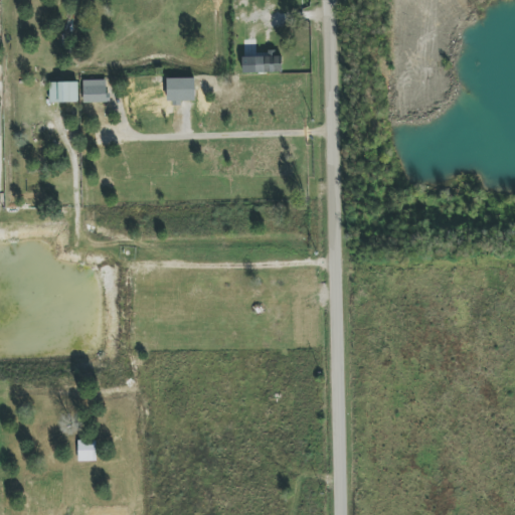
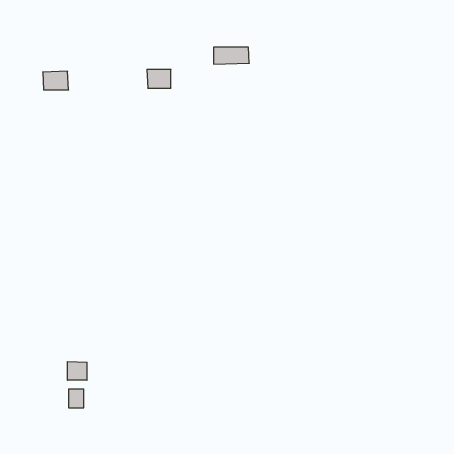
building: [82,78,106,103] -> none
building: none -> [67,362,87,380]

